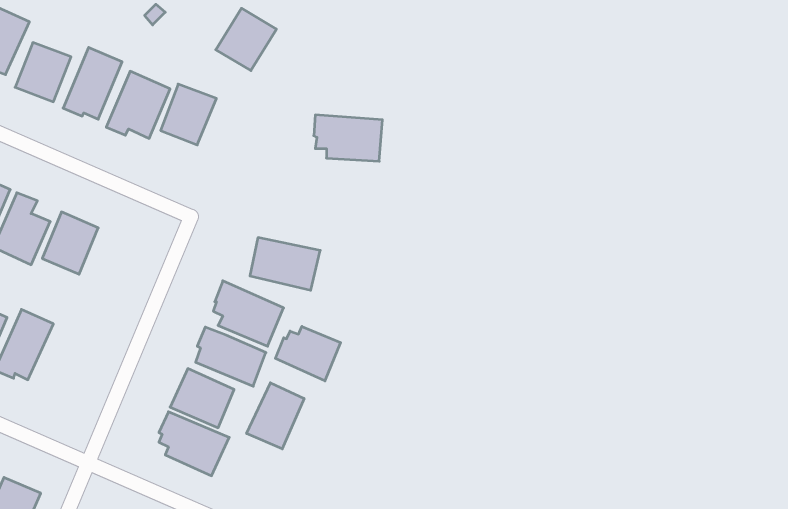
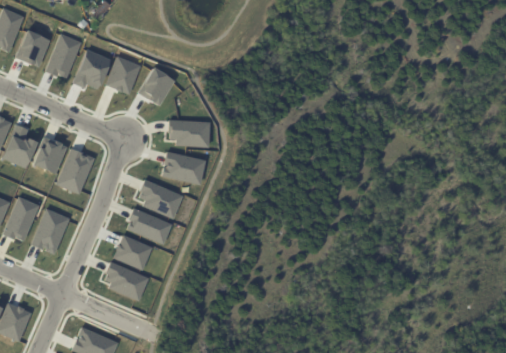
building: [216,8,276,71] -> [137,66,175,105]
building: [314,115,382,161] -> [168,118,211,147]
building: none -> [55,147,95,194]
building: [275,326,341,381] -> none
building: none -> [30,207,70,254]
building: [247,383,304,449] -> none

